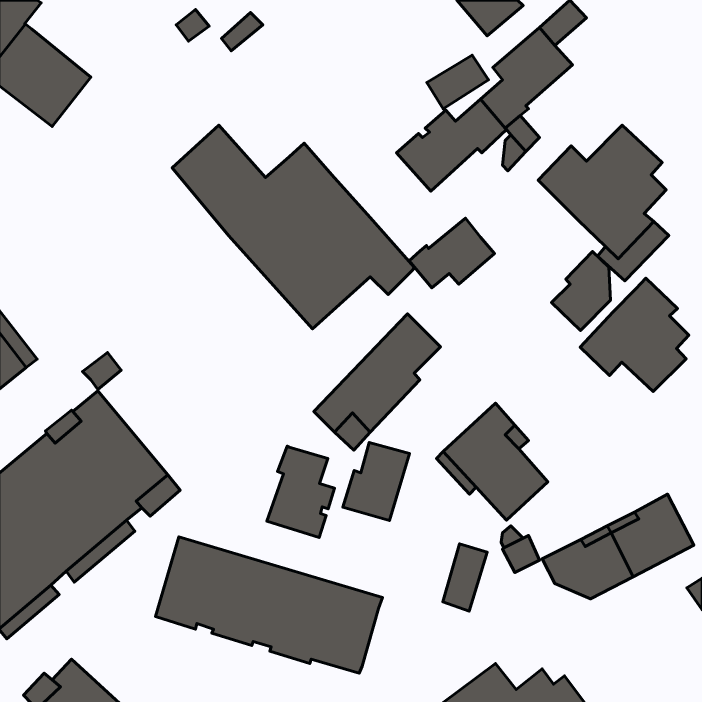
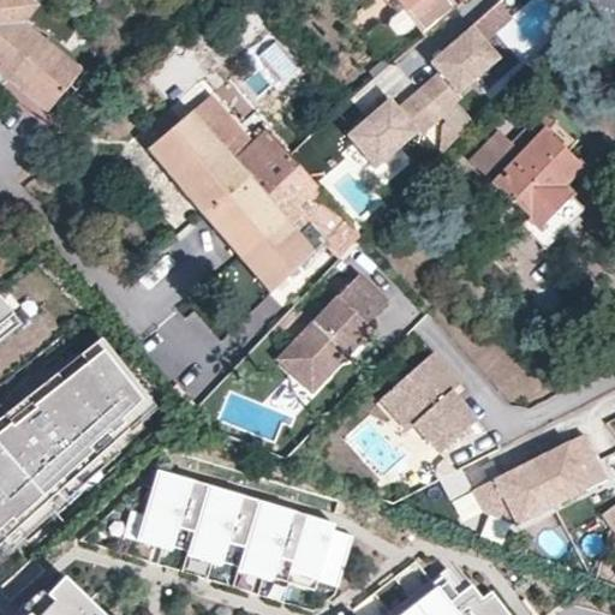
building: none -> [191,92,252,156]
building: [409,218,495,288] -> none
building: [551,251,611,331] -> none
building: [580,278,689,391] -> none
building: [343,443,410,521] -> none
building: [267,446,334,538] -> none
building: [443,544,487,611] -> [316,532,354,591]

